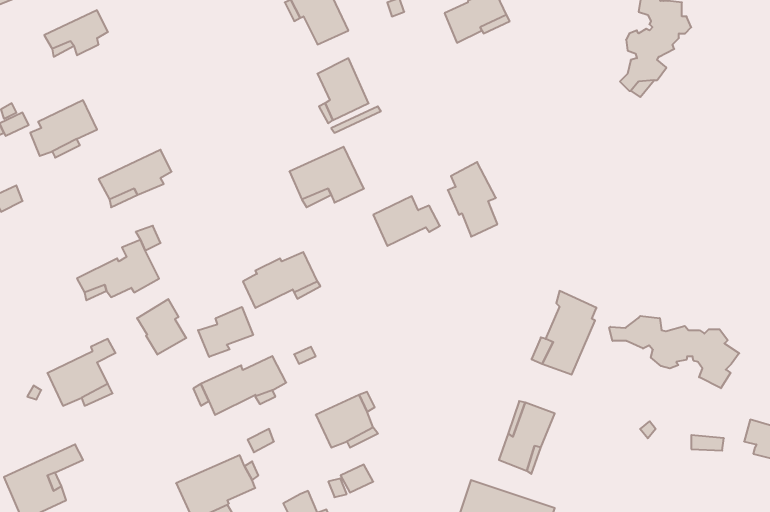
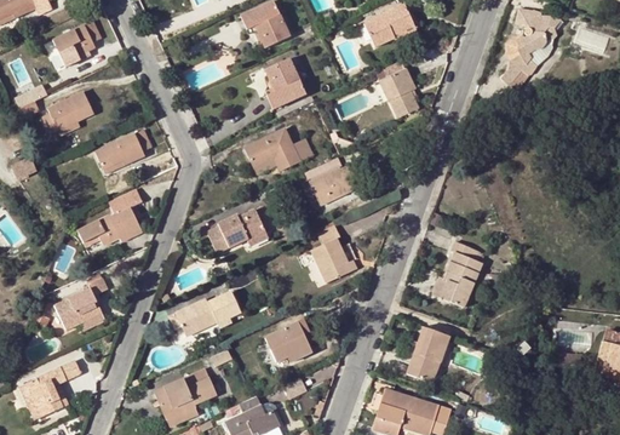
building: [448,162,497,237] -> [379,59,418,118]
building: none -> [306,225,357,282]
building: [137,299,186,355] -> none
building: [198,307,253,357] -> none
building: [609,316,739,388] -> none

